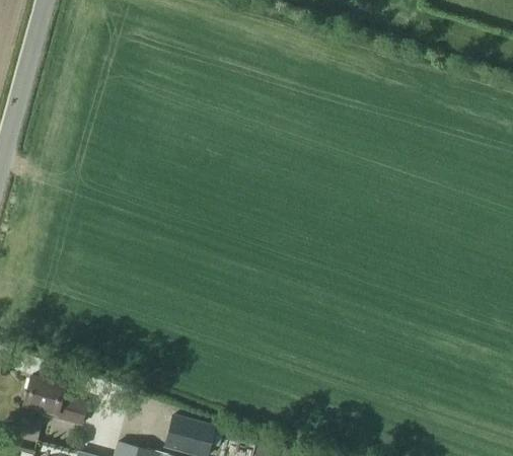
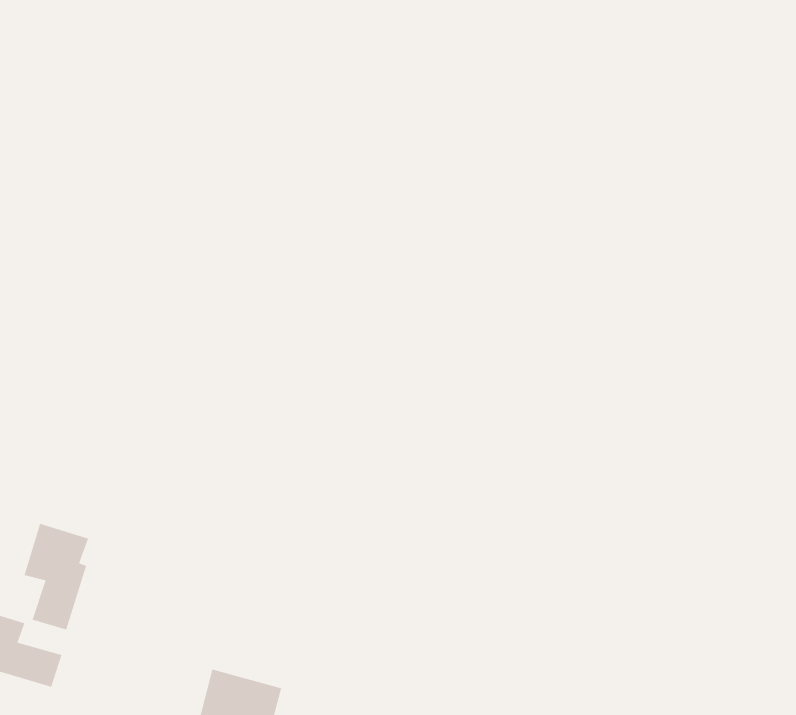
building: none -> [24,523,89,630]

